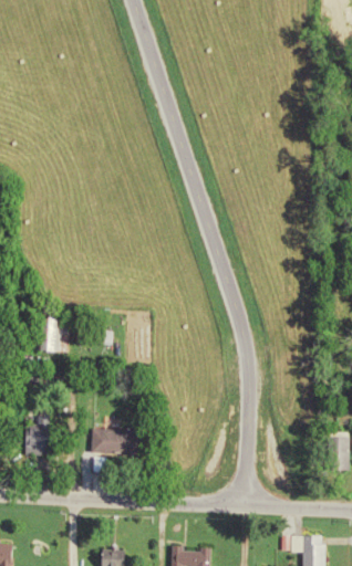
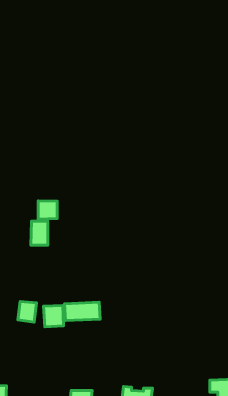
building: none -> [38,201,57,219]
building: none -> [44,305,63,327]

